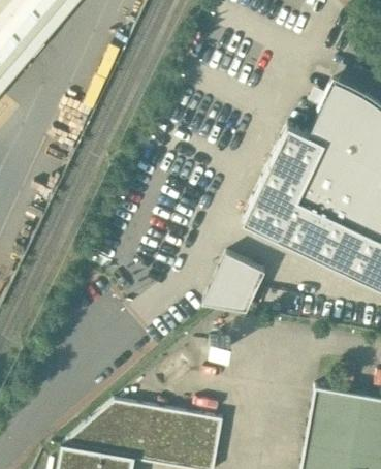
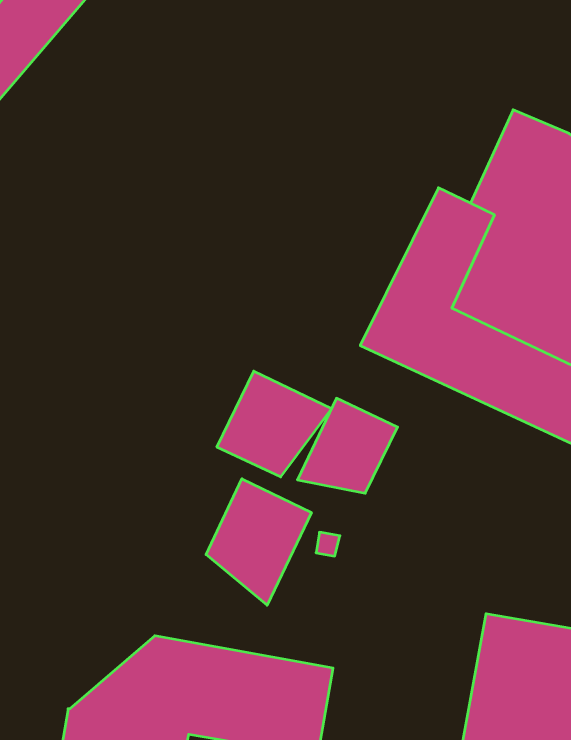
building: none -> [217,371,332,477]
building: none -> [206,479,311,605]

